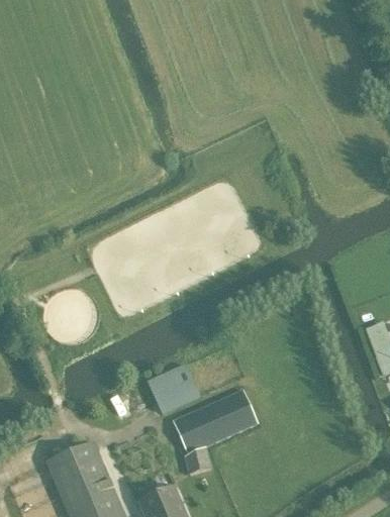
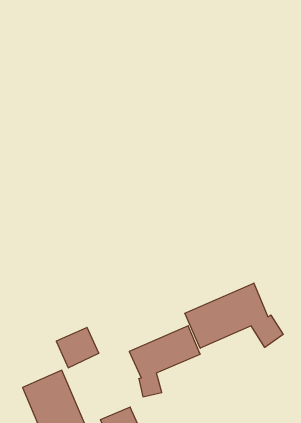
building: none -> [185,283,283,348]
building: [149,366,199,413] -> [56,327,99,368]

